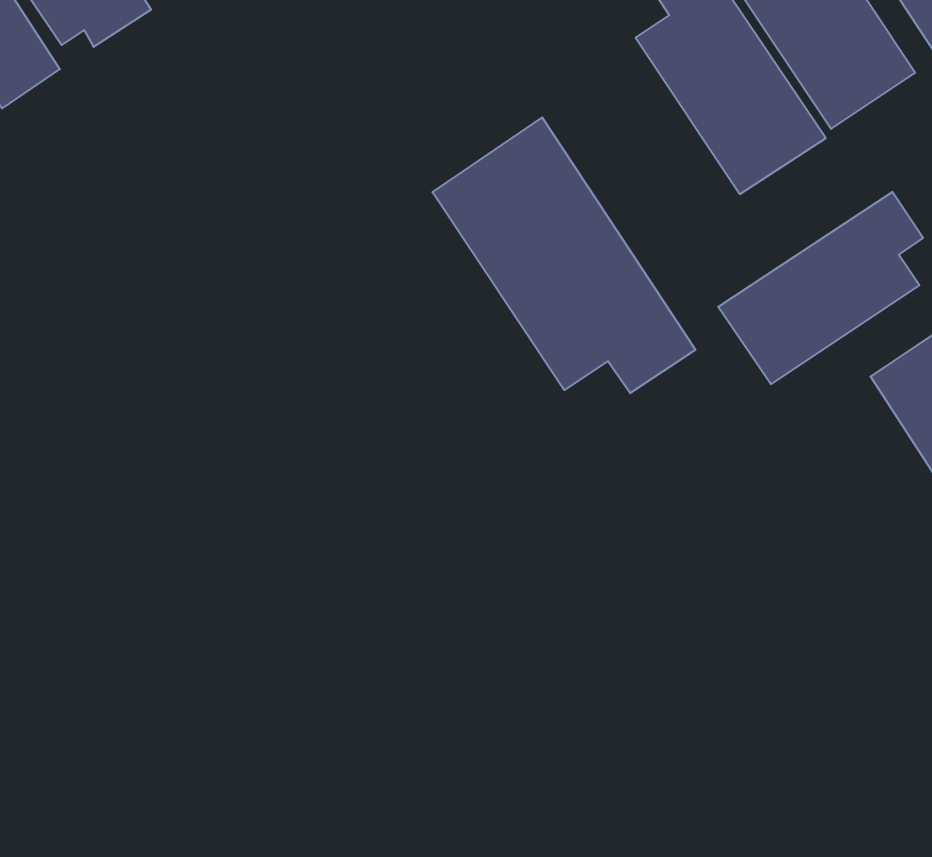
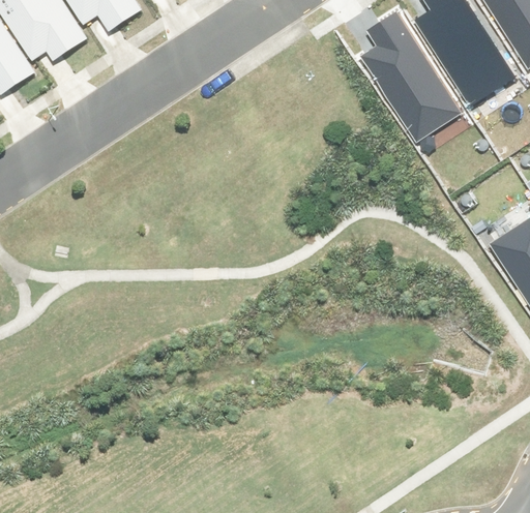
building: [432,117,695,393] -> none
building: [718,192,923,384] -> none

